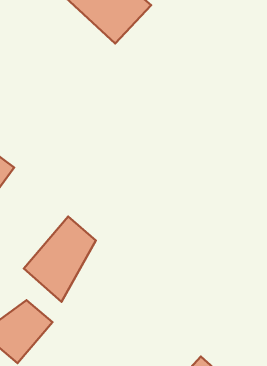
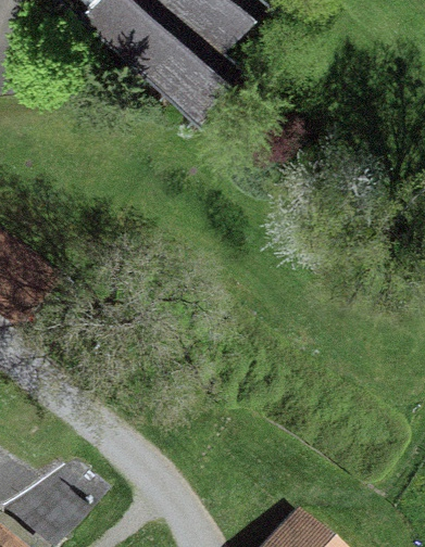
building: [24,216,96,302] -> none

